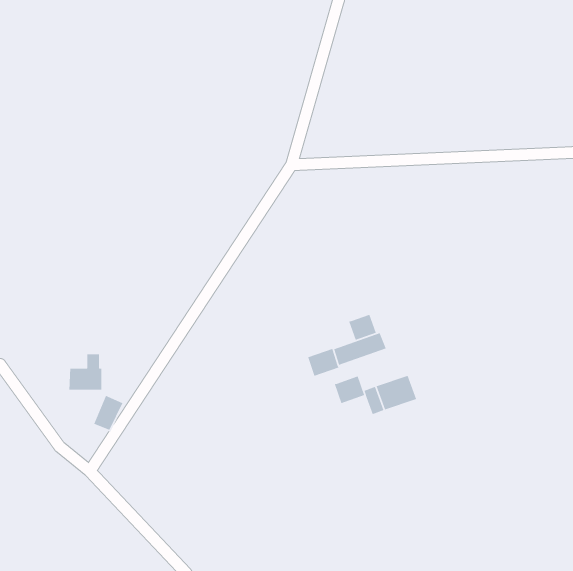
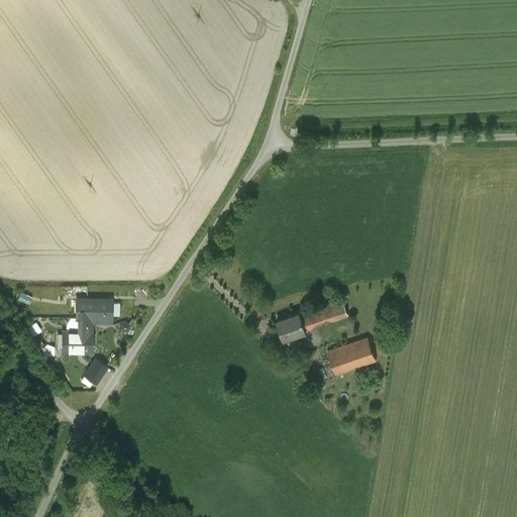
building: [348,313,377,341] -> none
building: none -> [76,302,111,324]
building: [334,375,365,404] -> none

